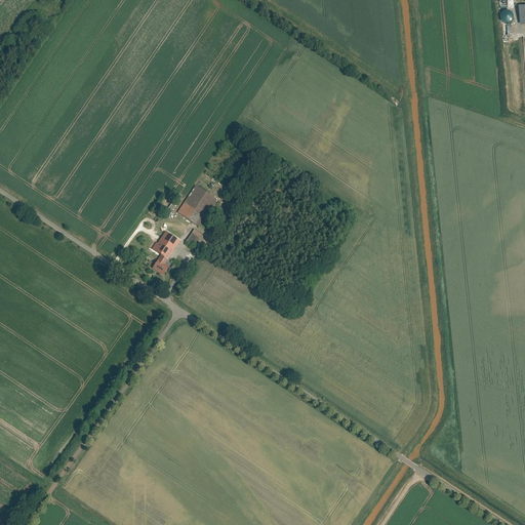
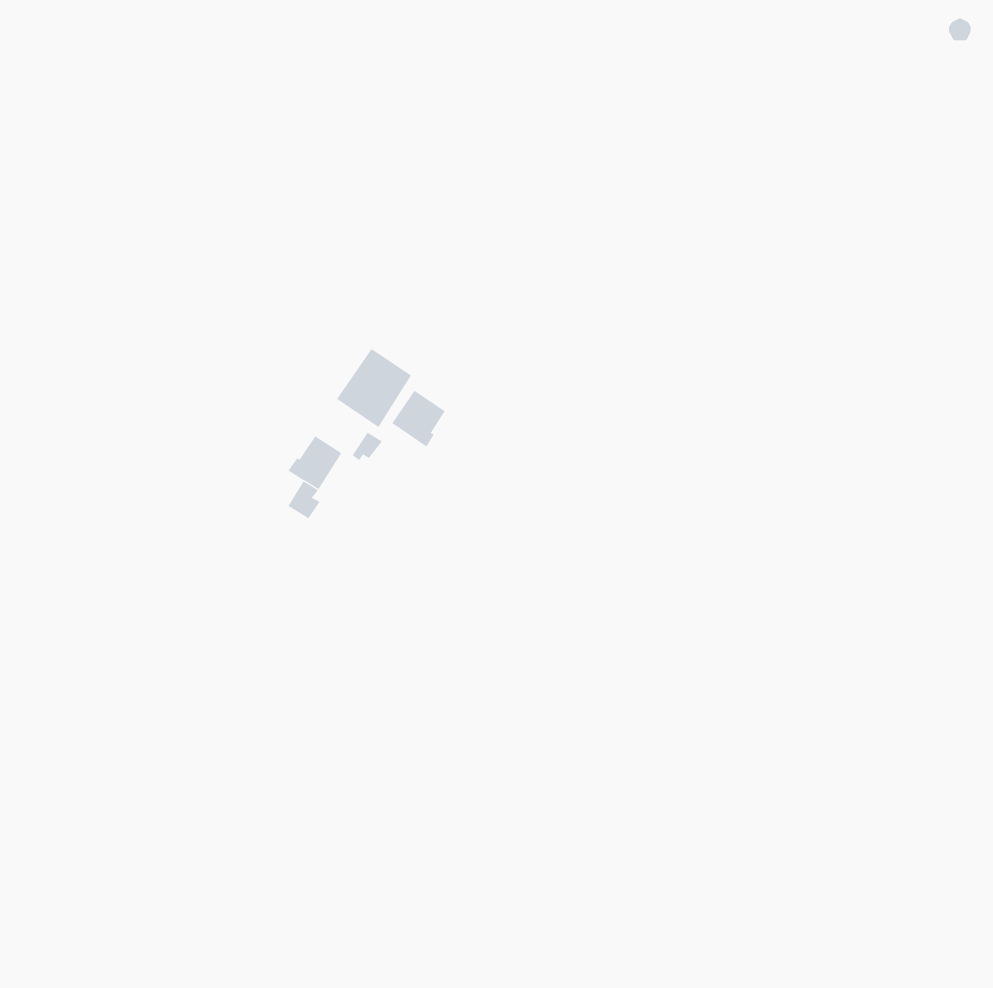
building: none -> [392,390,445,447]

